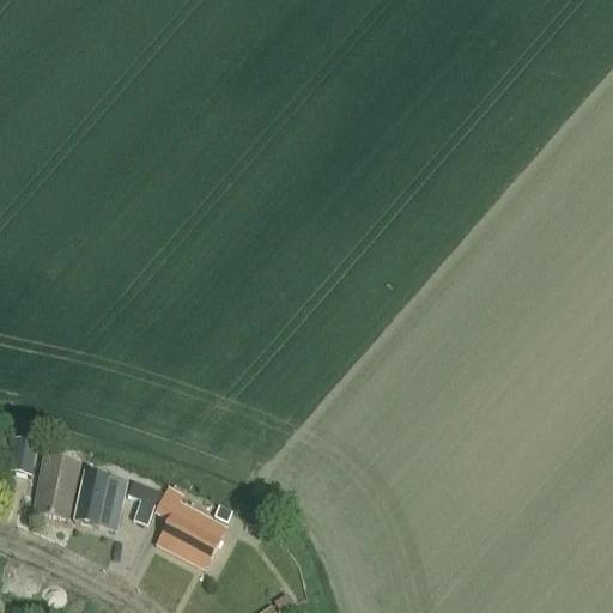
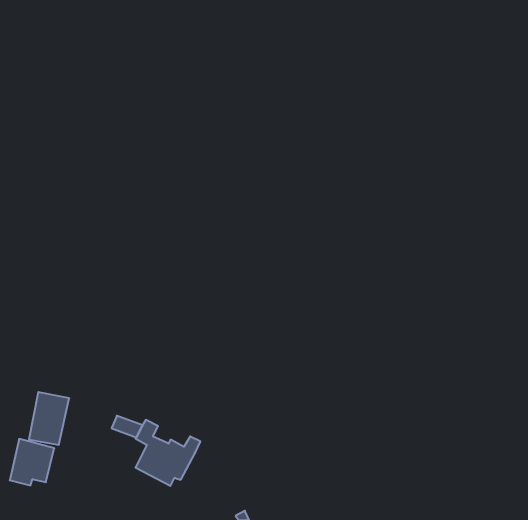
building: [8,436,37,472] -> none
building: [75,471,127,524] -> [10,439,54,485]

